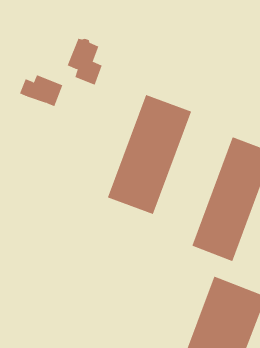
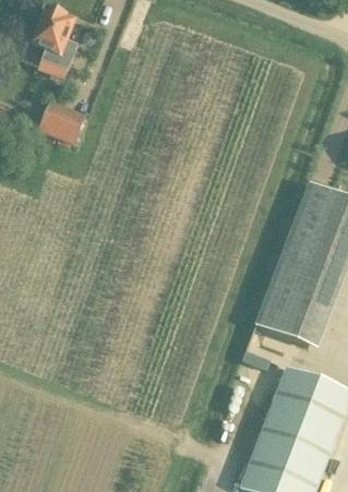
building: [67,38,103,85] -> [33,7,80,69]
building: [107,94,192,215] -> none

